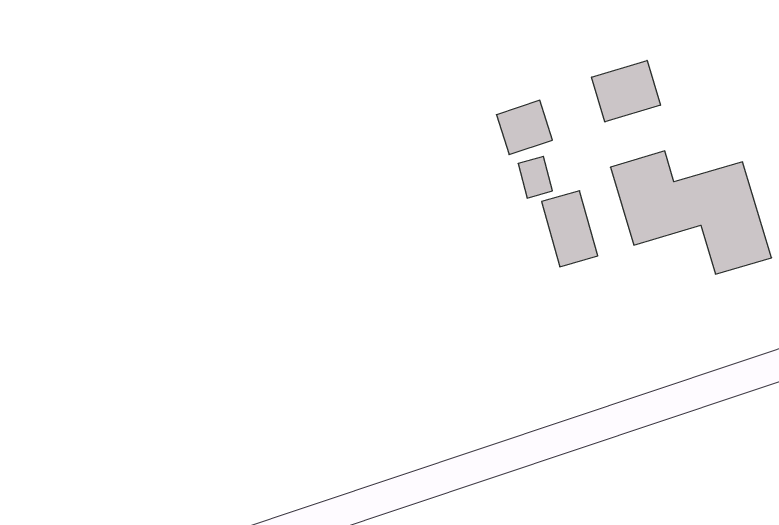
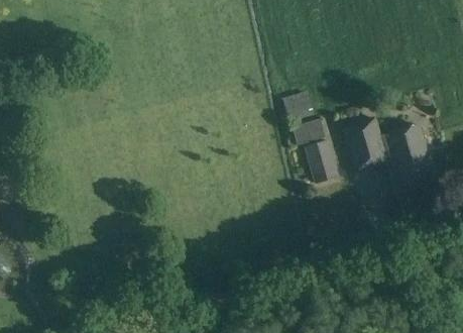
building: [592,60,660,122] -> none

